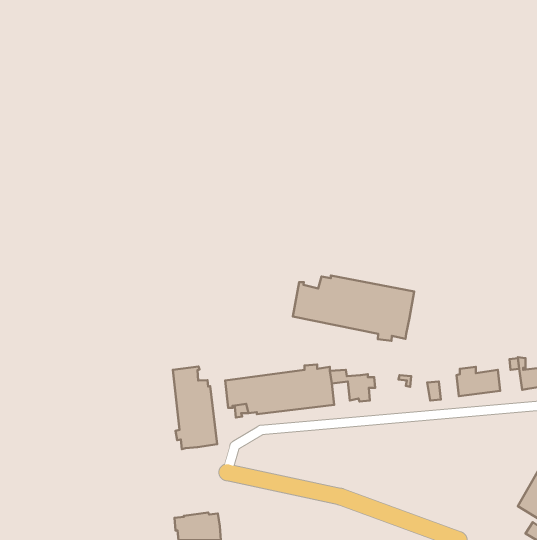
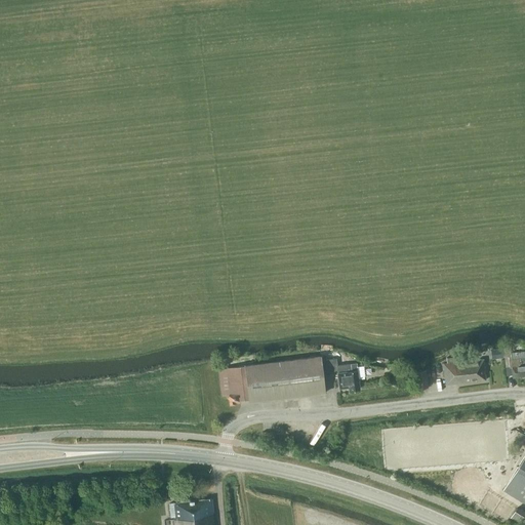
building: [293,276,414,341] -> none
building: [173,367,217,449] -> none

